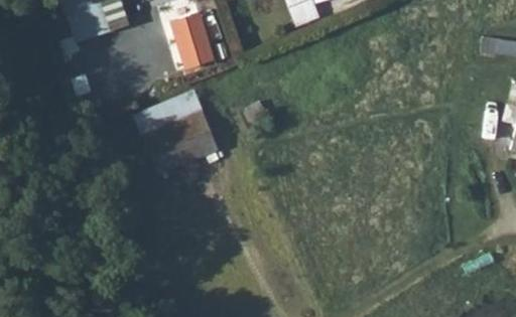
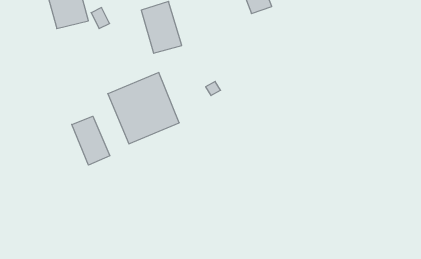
building: none -> [72,116,110,165]

